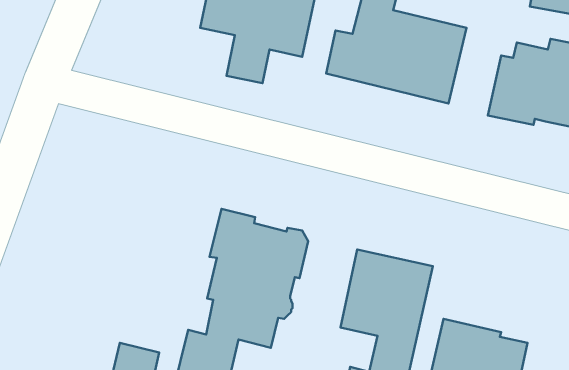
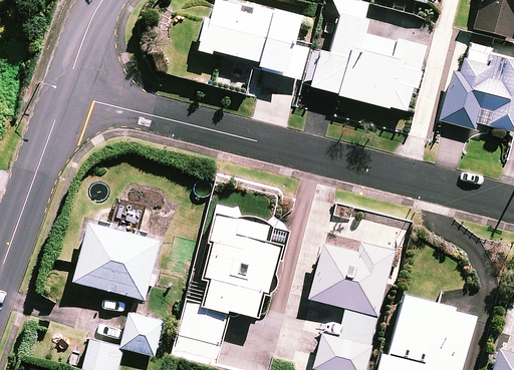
building: none -> [75,221,162,298]

